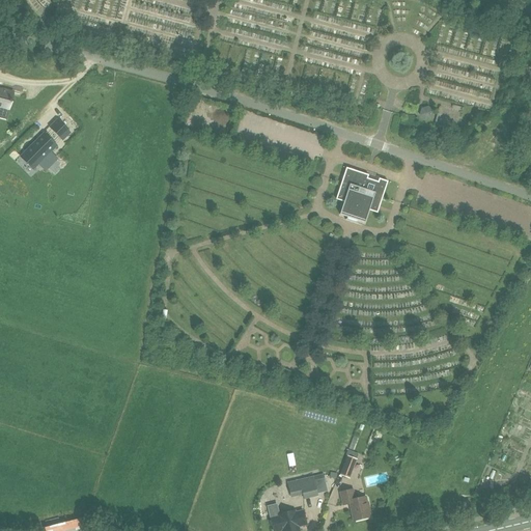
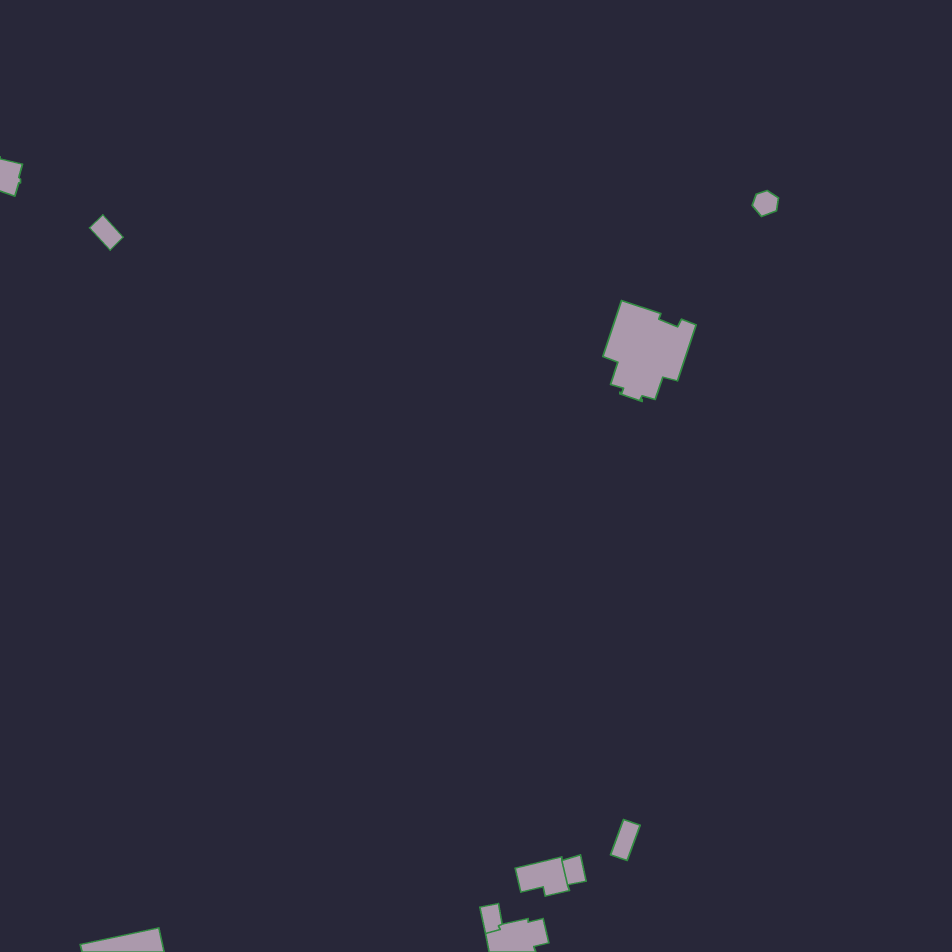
building: [24,133,55,164] -> none
building: [339,488,368,520] -> none

